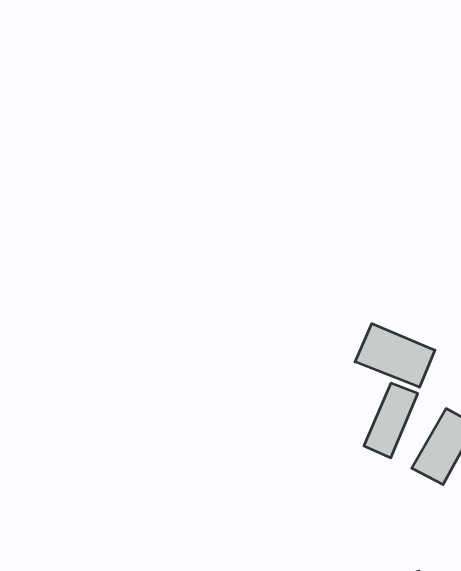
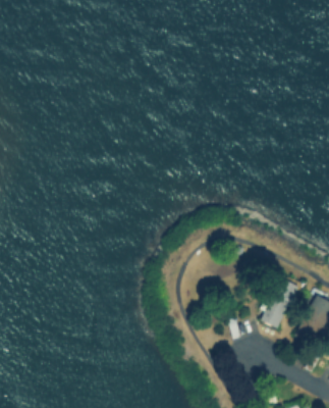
building: [355,324,435,387] -> none

